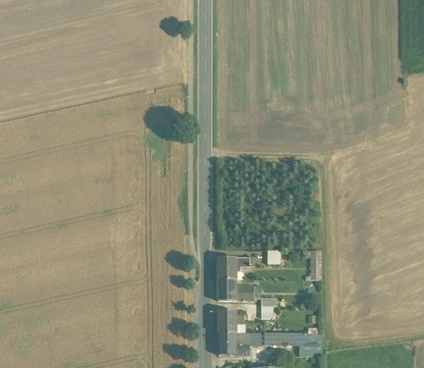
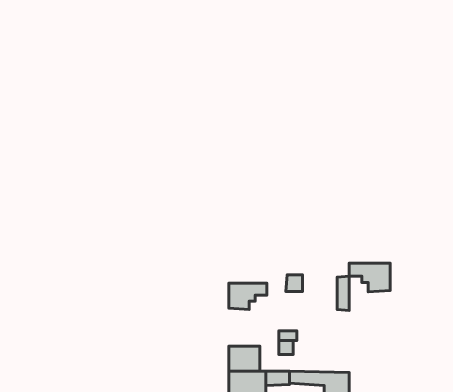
building: none -> [349,263,390,292]
building: [217,278,253,301] -> none

